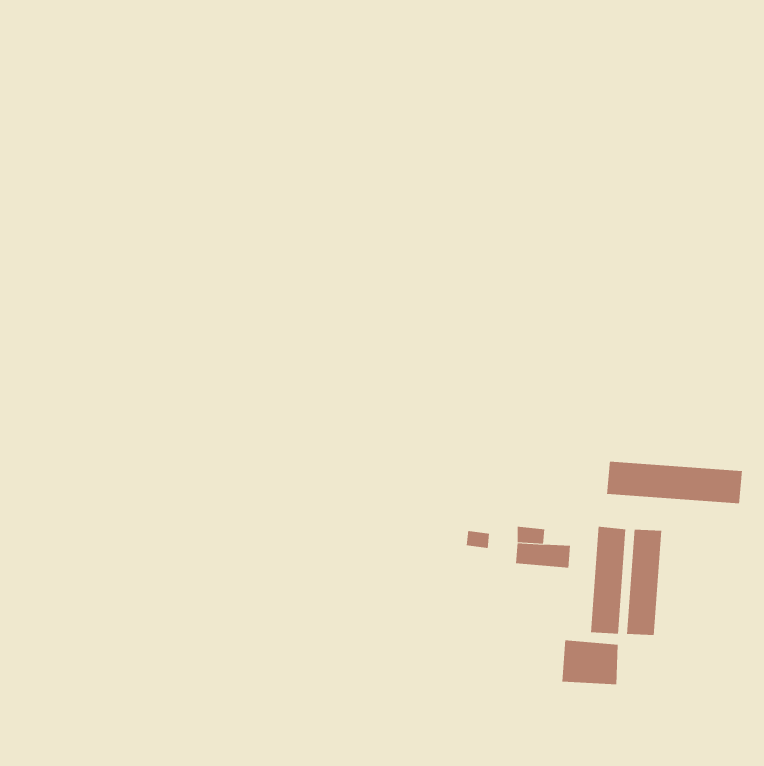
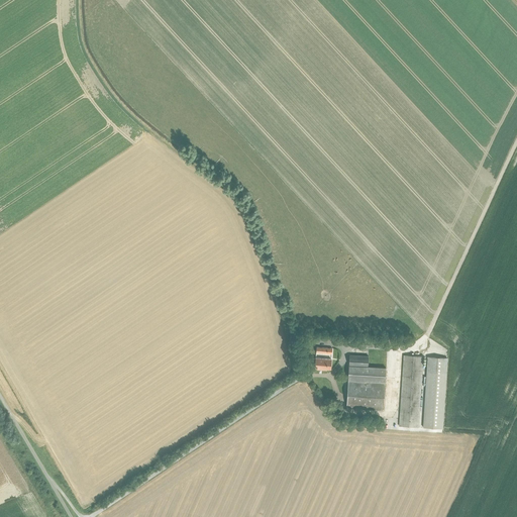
building: [606,461,742,504] -> none
building: [562,640,619,685] -> [345,380,384,410]

